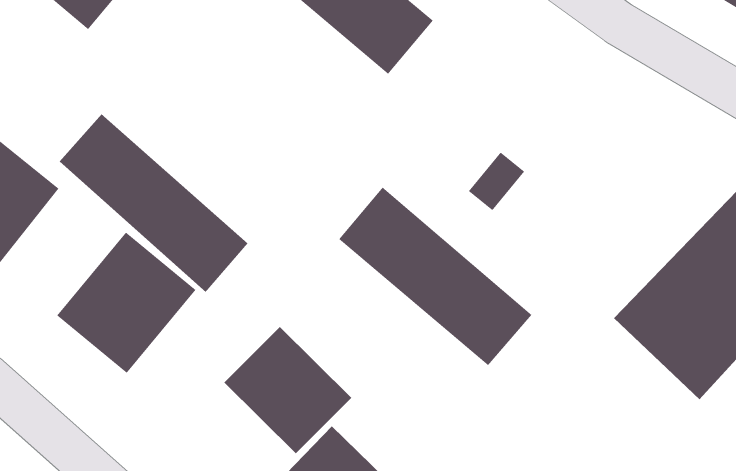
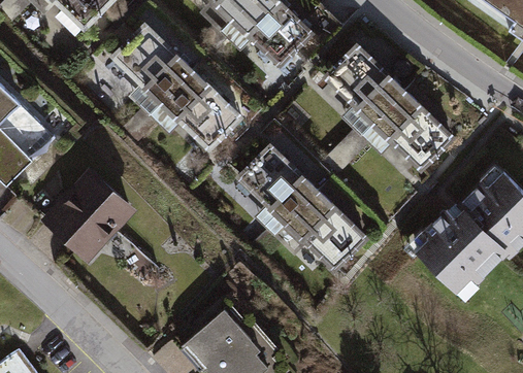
building: none -> [323,50,450,171]
building: [59,113,249,293] -> [113,27,236,151]
building: [224,326,352,454] -> none

